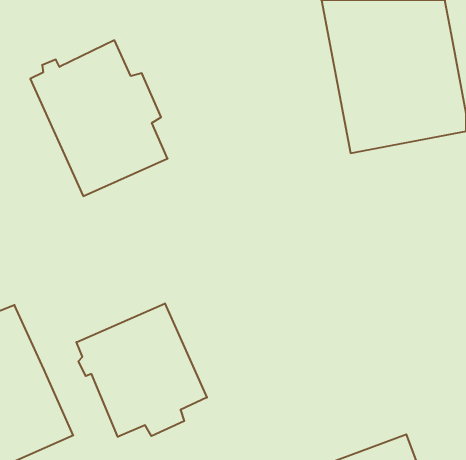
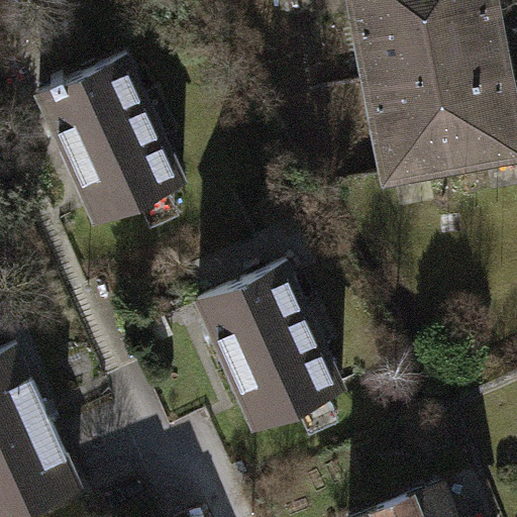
building: none -> [193,261,345,432]
building: [76,303,207,437] -> none

